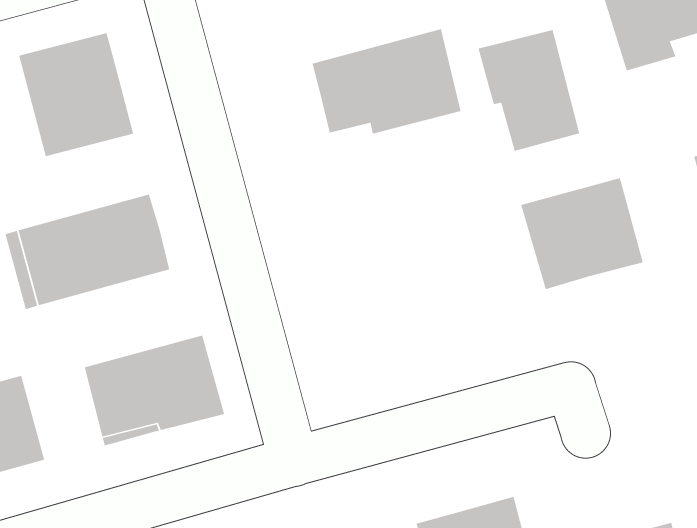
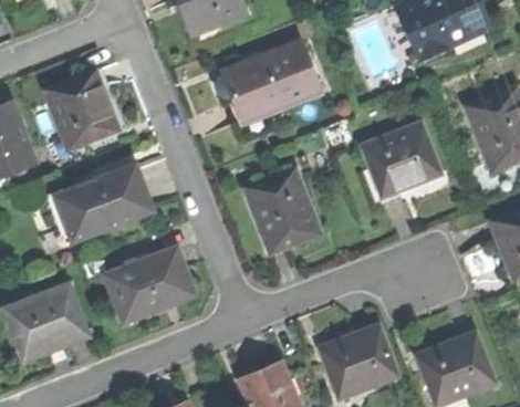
building: [478,29,580,152] -> none
building: none -> [245,167,322,253]

